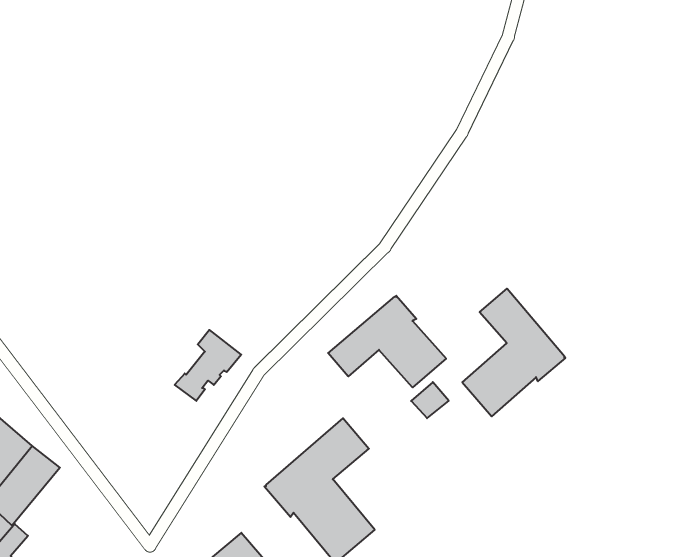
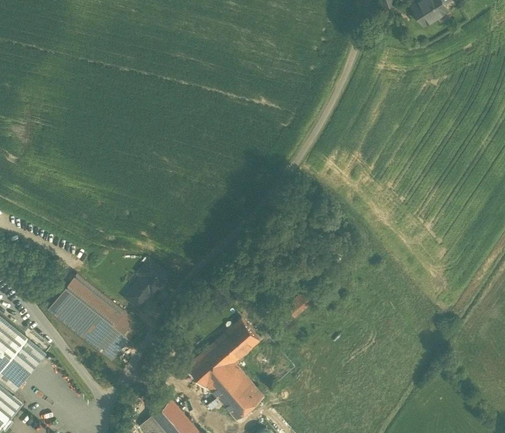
building: [462,289,565,416] -> none
building: [328,296,446,387] -> none
building: none -> [47,273,138,359]

